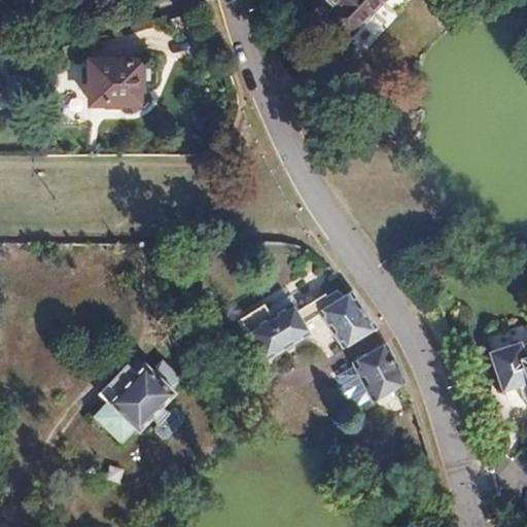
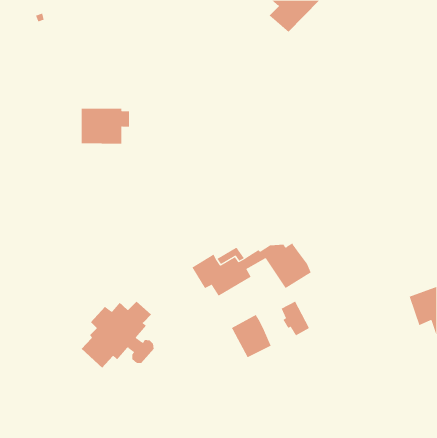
building: [89,61,147,104] -> [81,108,130,144]
building: [353,343,401,395] -> [231,314,272,358]

